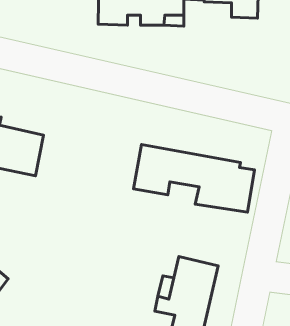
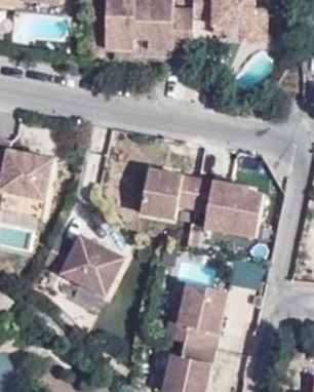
building: none -> [40,236,124,297]

